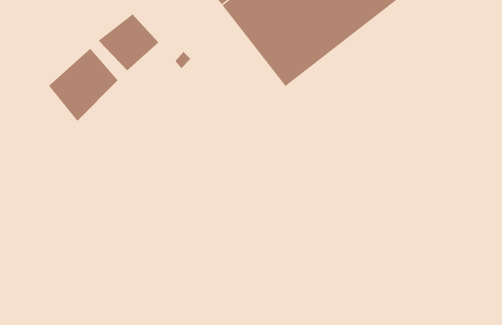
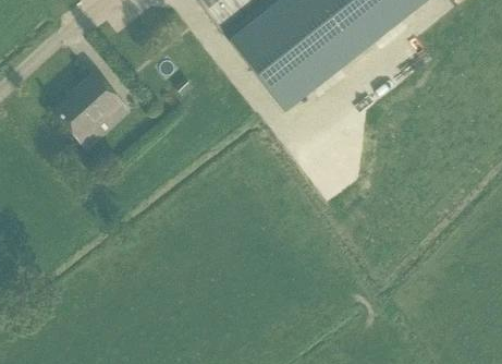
building: [98,13,159,71] -> none

